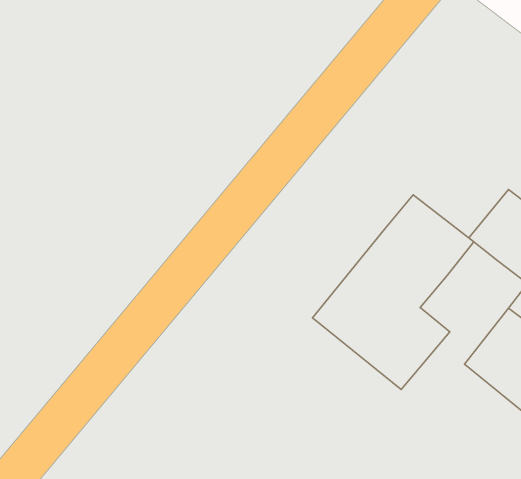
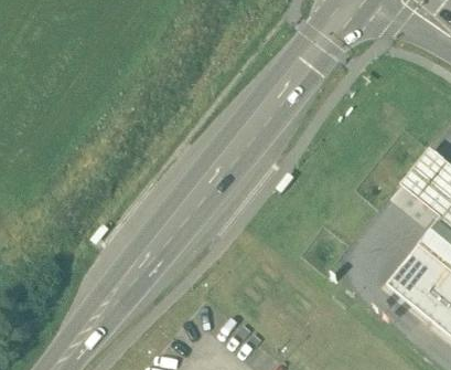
building: [313,195,474,390] -> none

